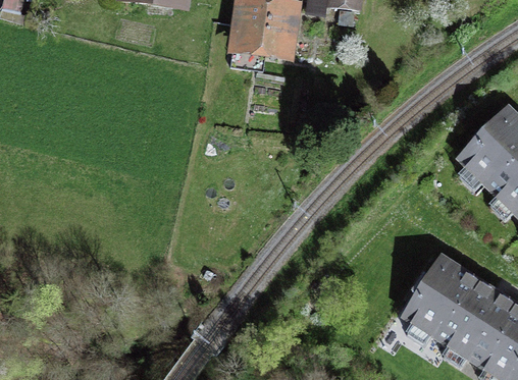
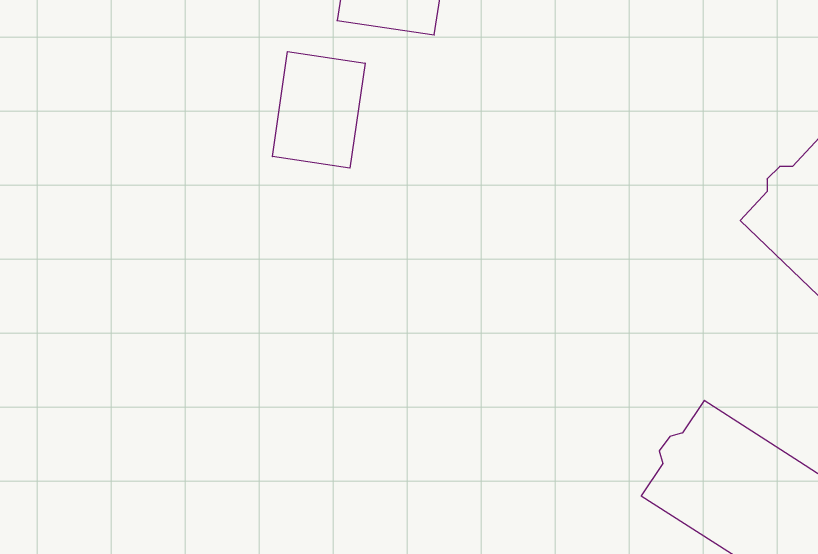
building: none -> [272,52,365,168]

